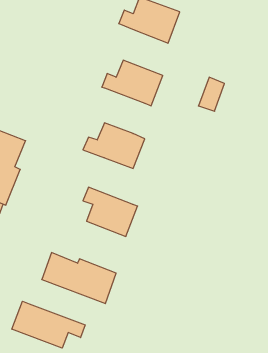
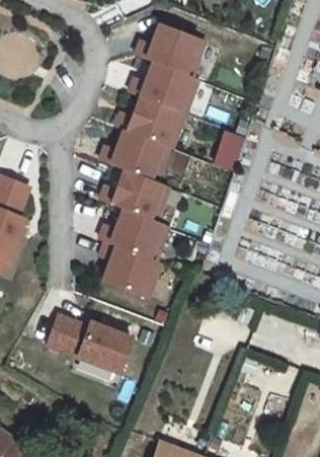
building: none -> [132,63,201,115]
building: none -> [98,129,167,180]
building: none -> [97,208,167,260]
building: [12,301,85,348] -> none

